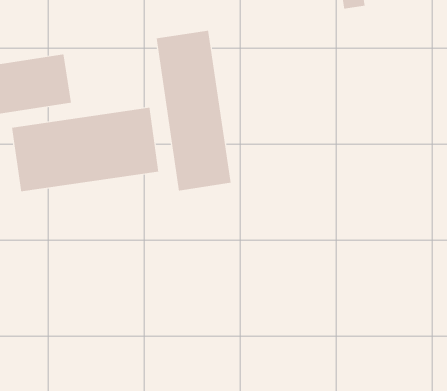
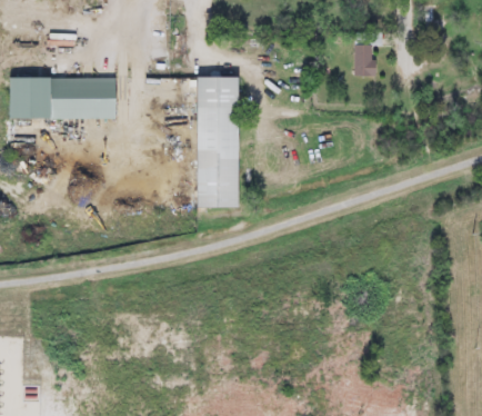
building: [12,107,159,192] -> none

